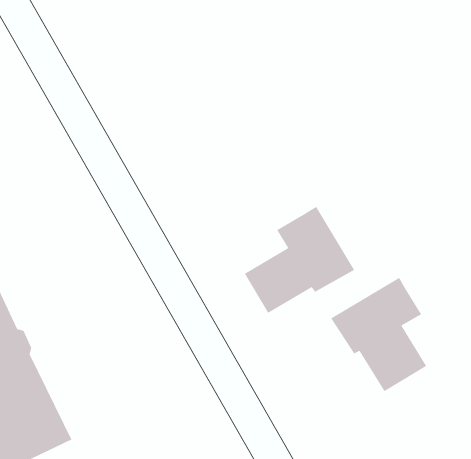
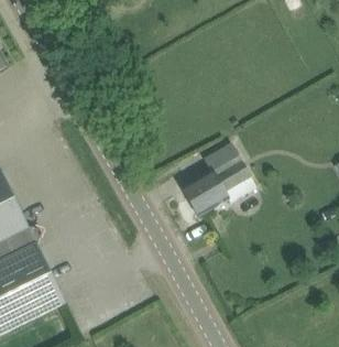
building: [330,277,427,392] -> none

